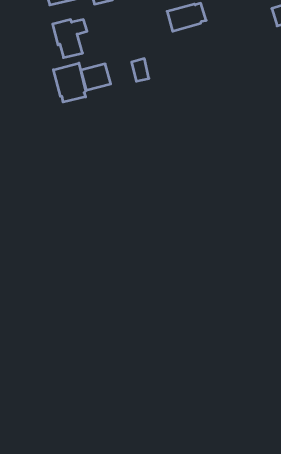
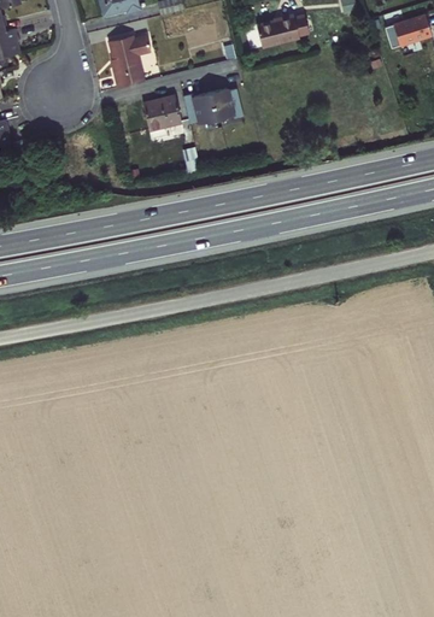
building: none -> [183,93,215,124]
building: [53,63,86,102] -> none

